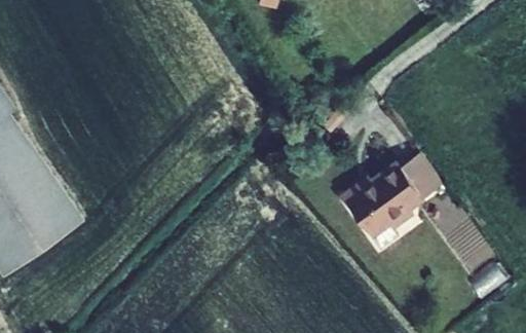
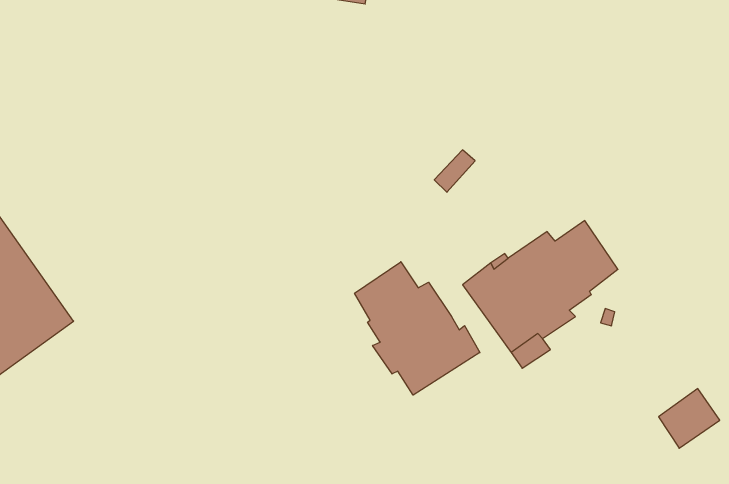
building: none -> [355,262,480,395]

